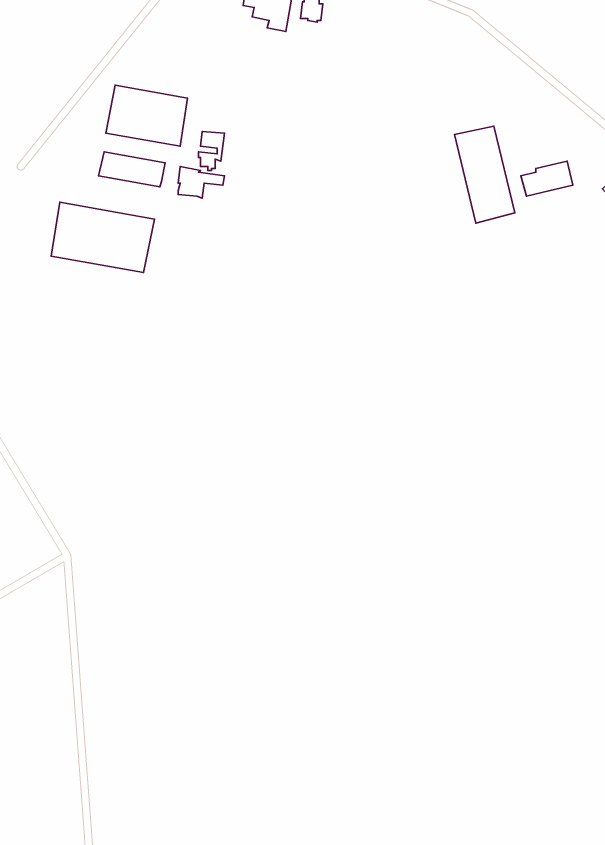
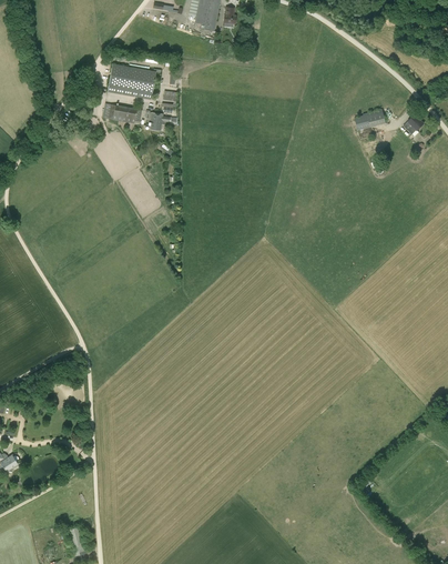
building: [454,126,515,223] -> none
building: [51,202,154,272] -> none

